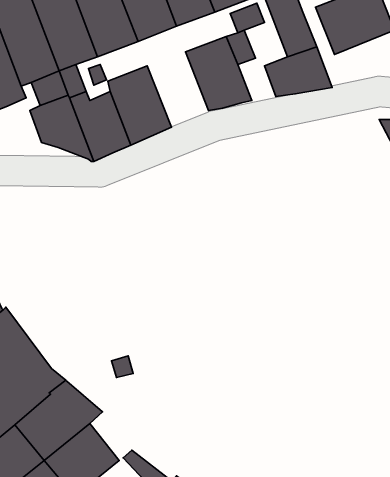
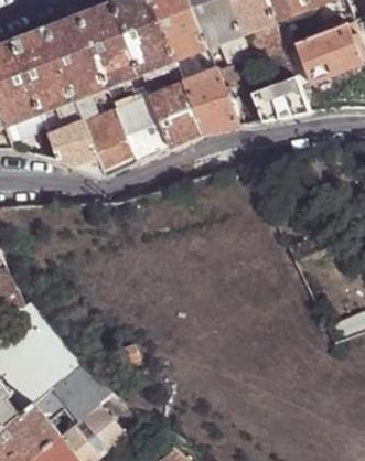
building: none -> [148,68,201,148]

